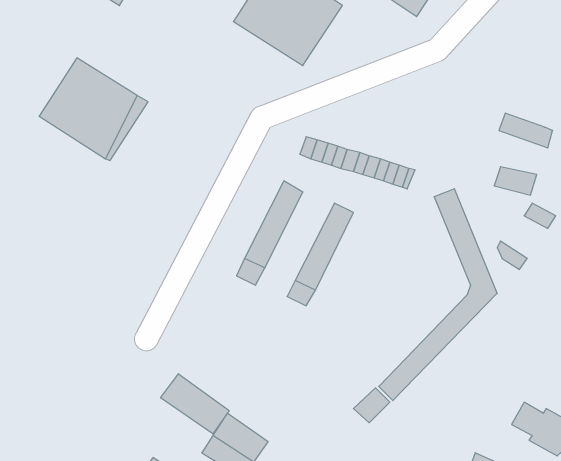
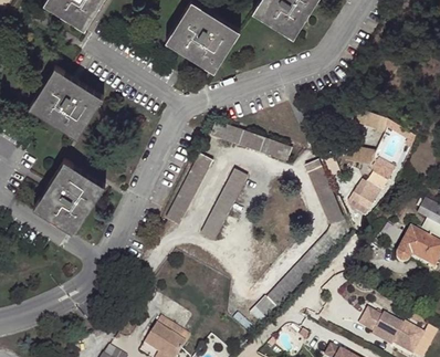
building: none -> [33,157,106,232]
building: none -> [350,177,380,207]
building: [161,374,229,434] -> none

